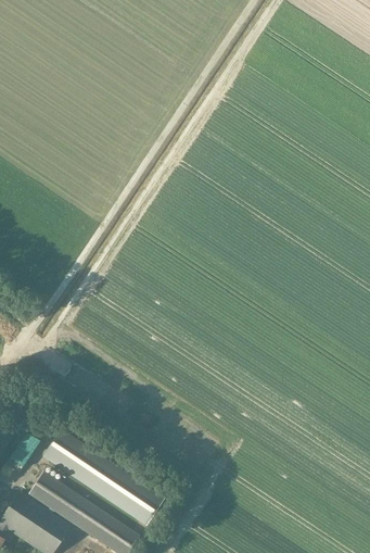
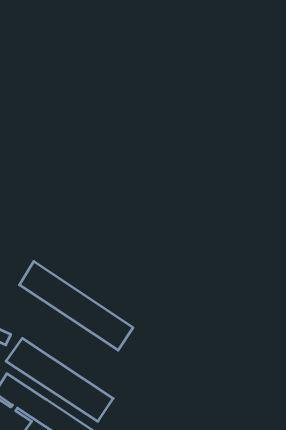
building: none -> [19,261,133,350]

